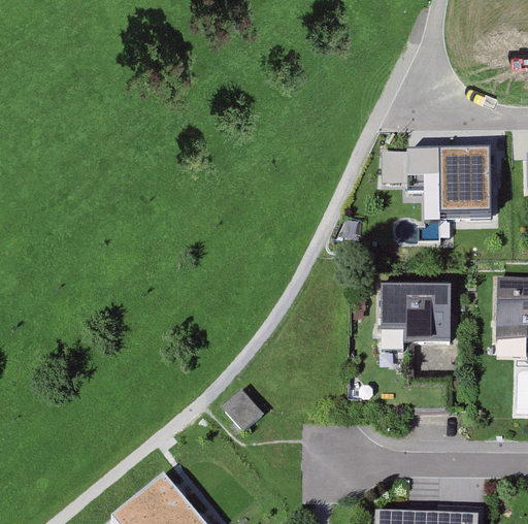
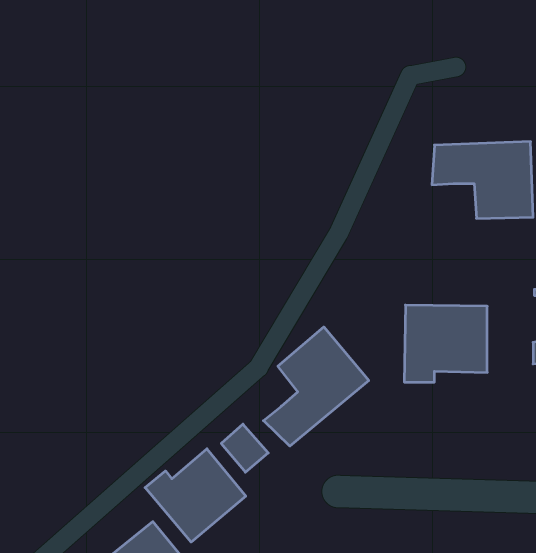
building: none -> [263,327,369,446]
building: none -> [145,449,246,542]

